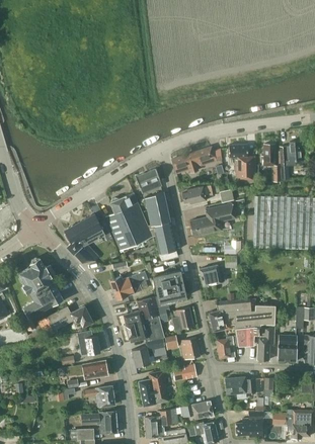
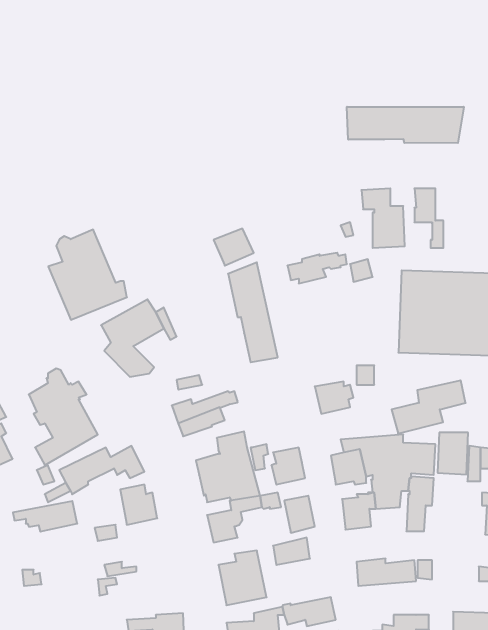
building: none -> [347,107,464,143]
building: [280,142,304,167] -> none
building: [172,148,216,174] -> none
building: [105,193,155,250] -> [48,230,127,320]
building: [189,203,236,237] -> [392,380,466,434]
building: [153,271,186,302] -> none
building: [278,336,297,362] -> [438,433,468,474]
building: [68,361,108,380] -> [13,501,77,532]
building: [84,386,114,408] -> none

